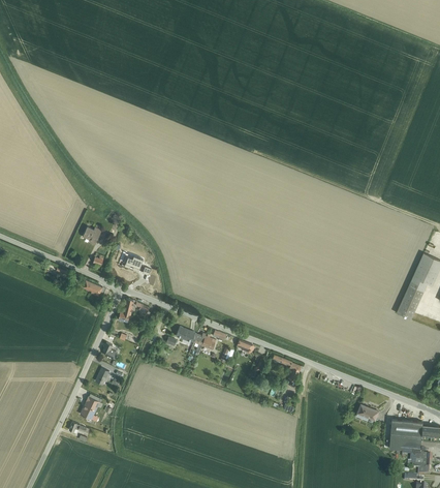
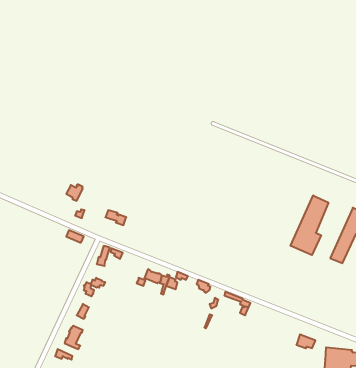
building: none -> [291,195,328,255]

